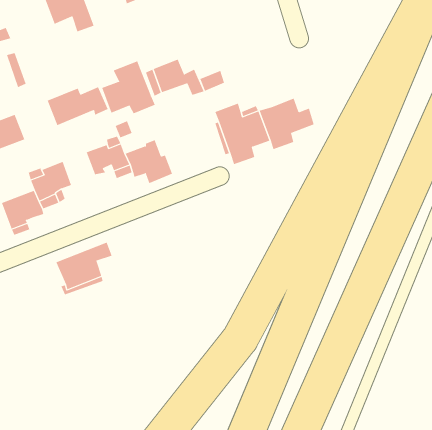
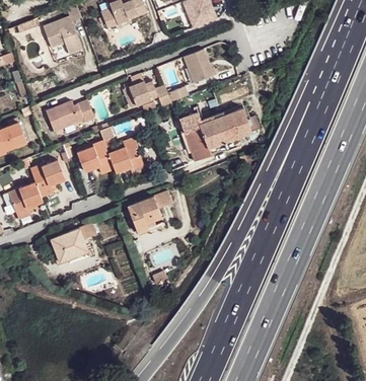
building: none -> [182,50,216,83]
building: [101,61,155,114] -> none
building: none -> [128,189,173,232]

